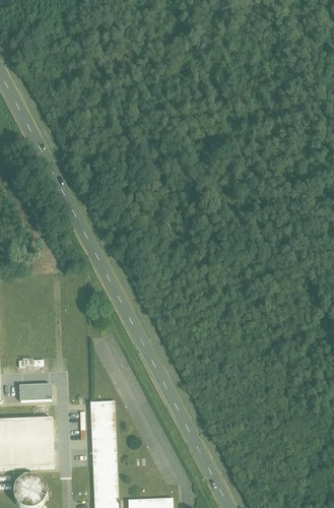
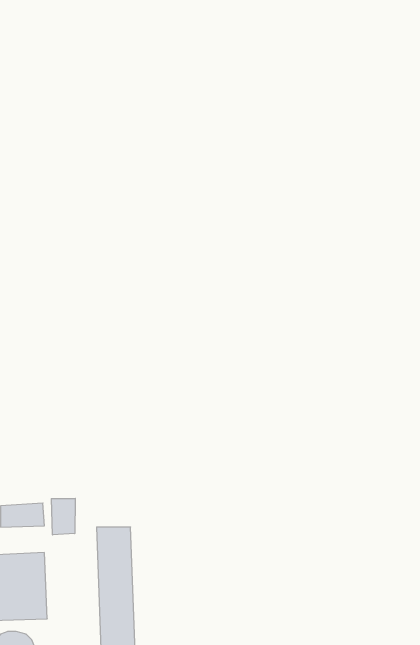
building: none -> [51,498,75,535]

